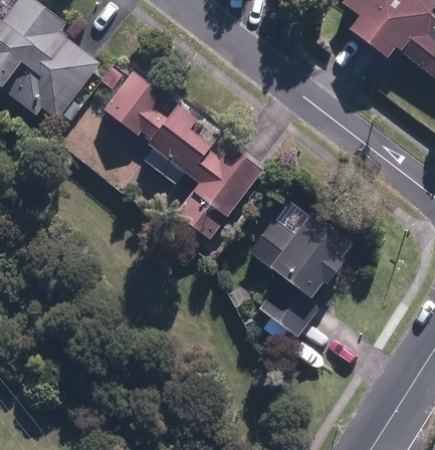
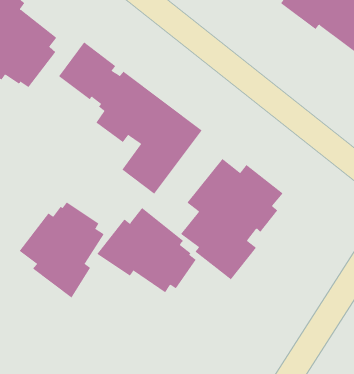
building: none -> [19,202,104,299]
building: none -> [96,207,196,293]

